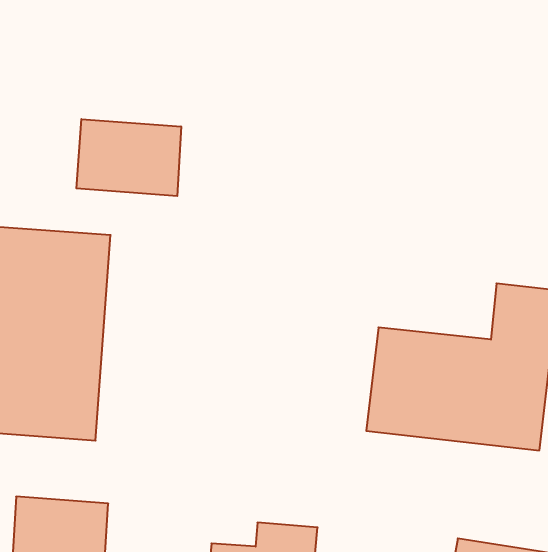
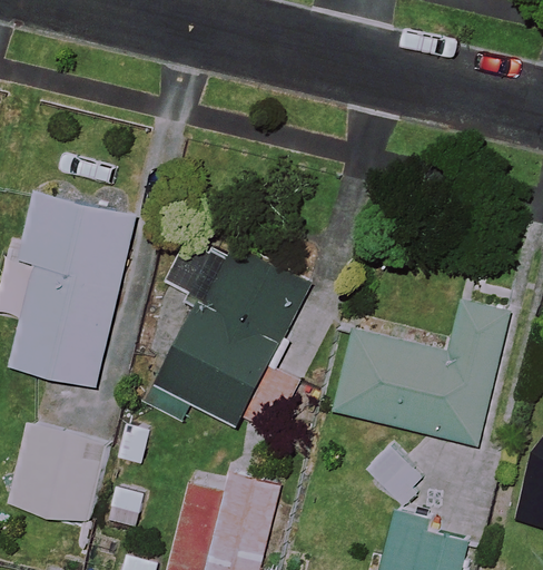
building: [76,119,181,196] -> none
building: none -> [148,244,310,431]

